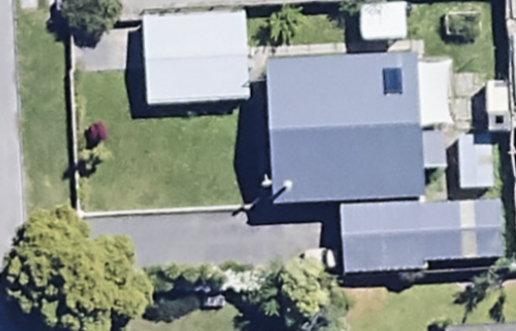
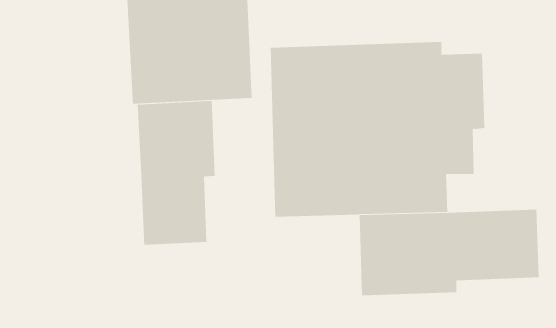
building: none -> [137,100,215,246]

